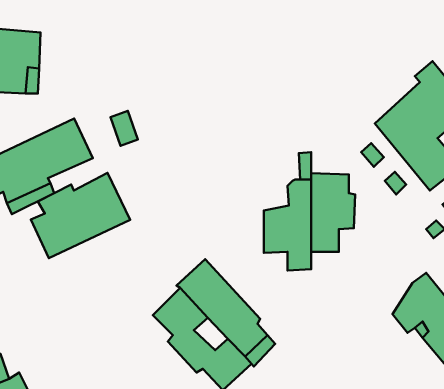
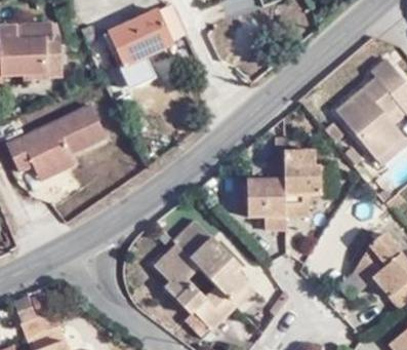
building: none -> [111,11,180,69]
building: [31,173,130,258] -> none

